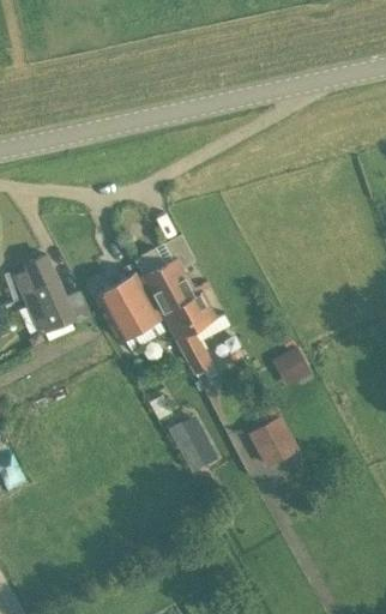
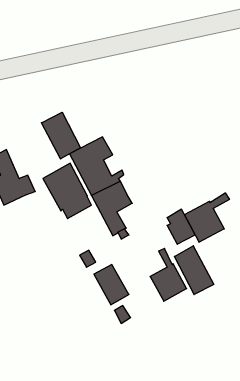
building: none -> [41,112,80,159]
building: none -> [184,193,229,242]
building: none -> [174,246,214,295]

